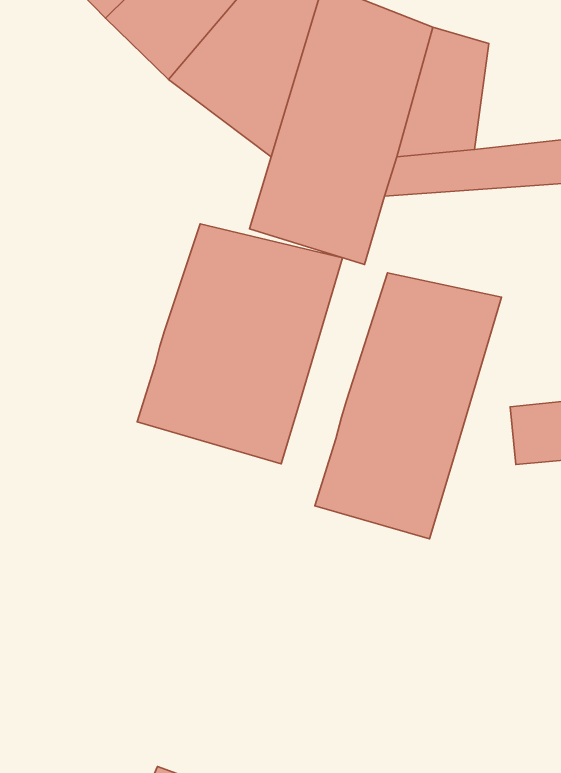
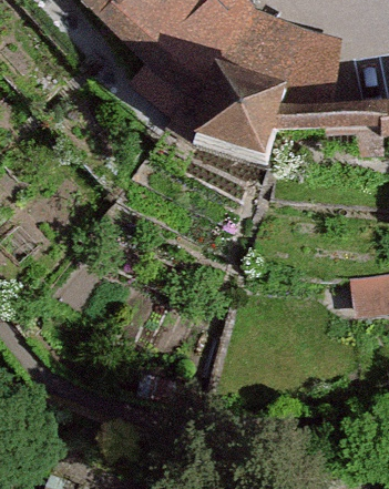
building: [137,224,343,464] -> none
building: [315,273,502,539] -> none

